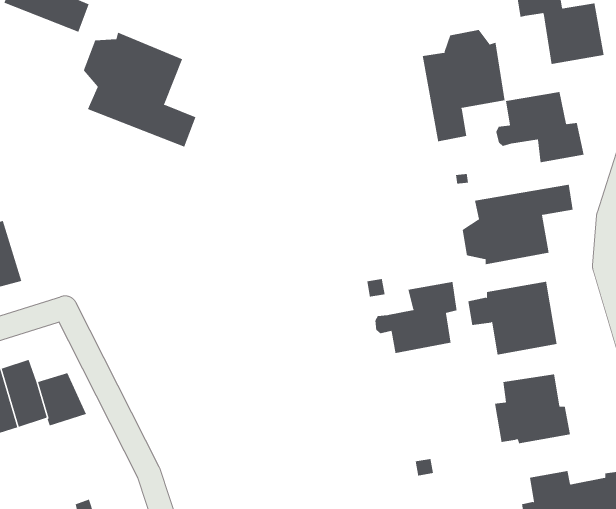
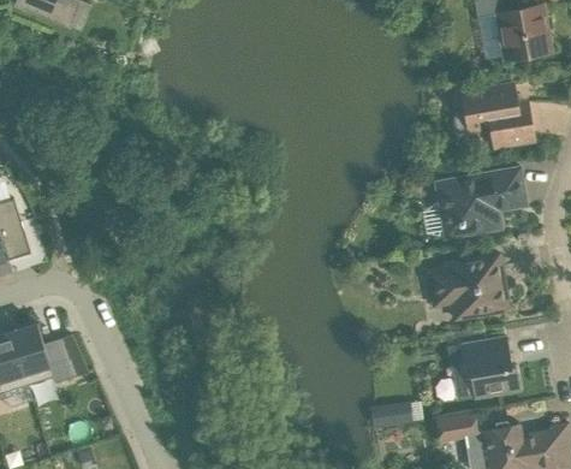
building: [422,29,505,142] -> none
building: [83,32,196,148] -> none
building: [375,281,457,354] -> none
building: none -> [436,412,476,440]

